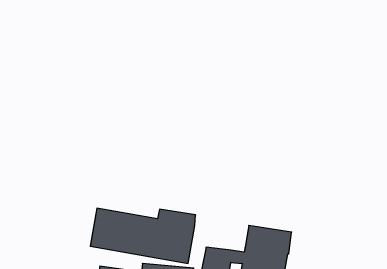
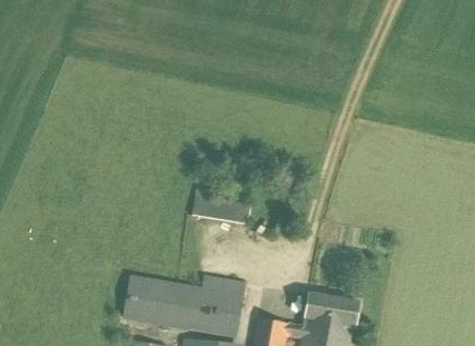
building: none -> [191,186,251,224]

